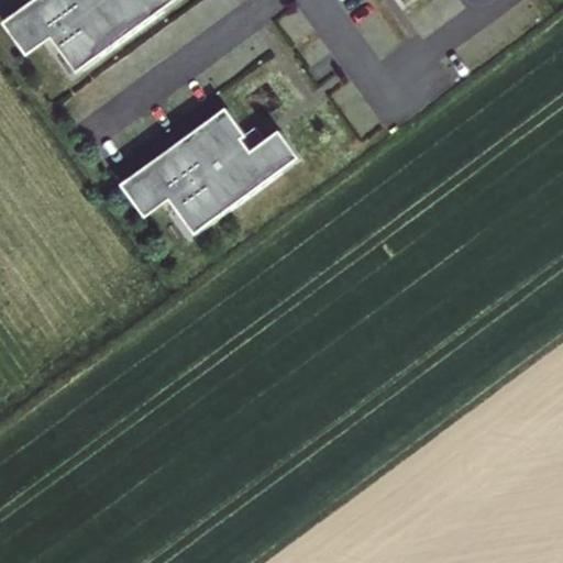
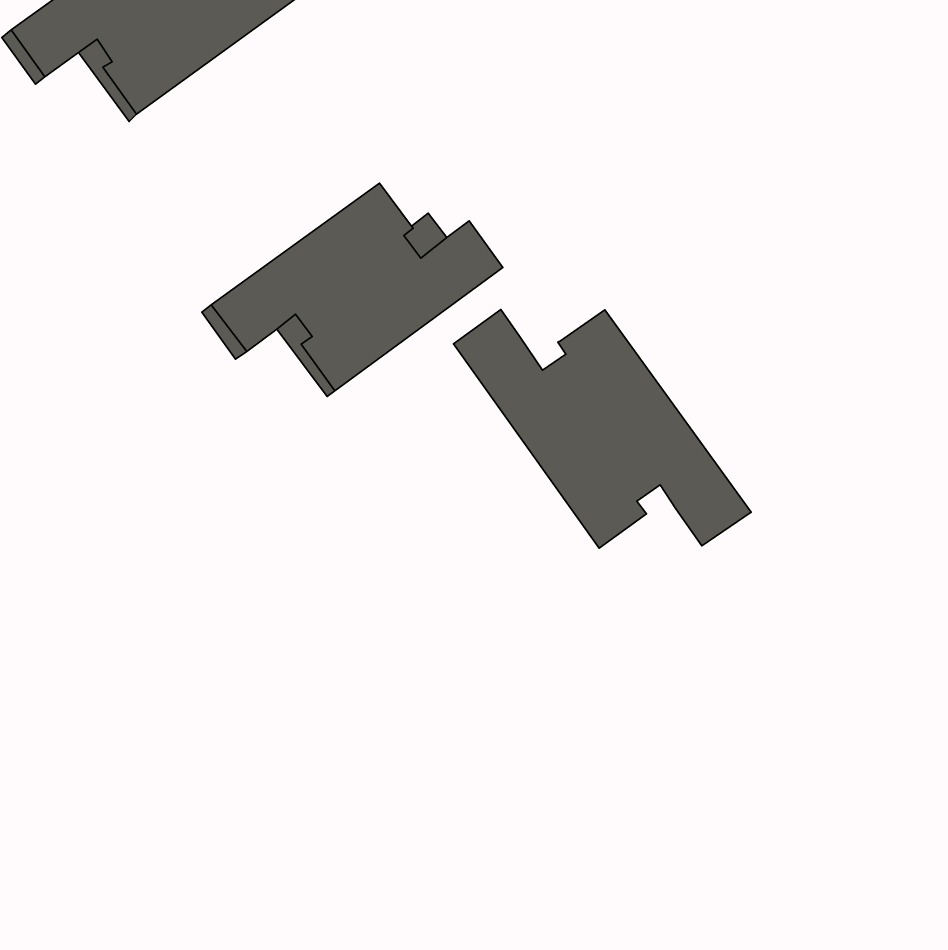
building: none -> [453,309,751,548]

